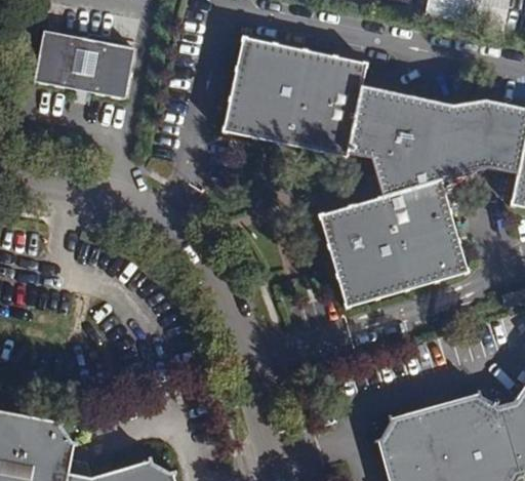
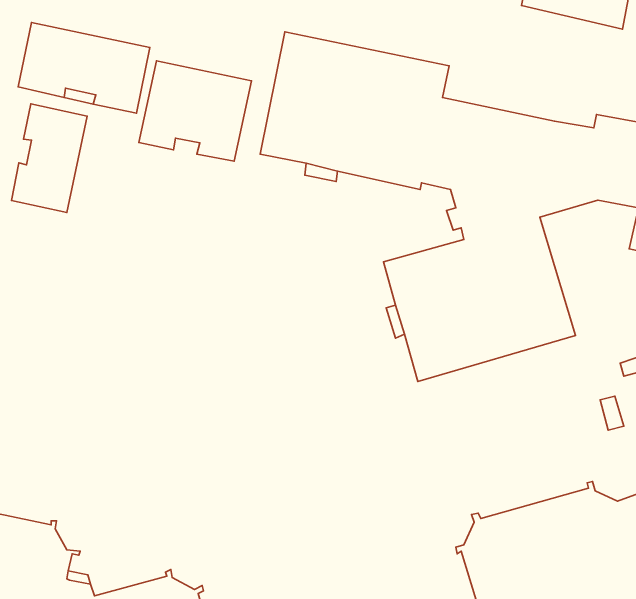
building: none -> [139,61,251,161]
building: none -> [12,104,87,212]

